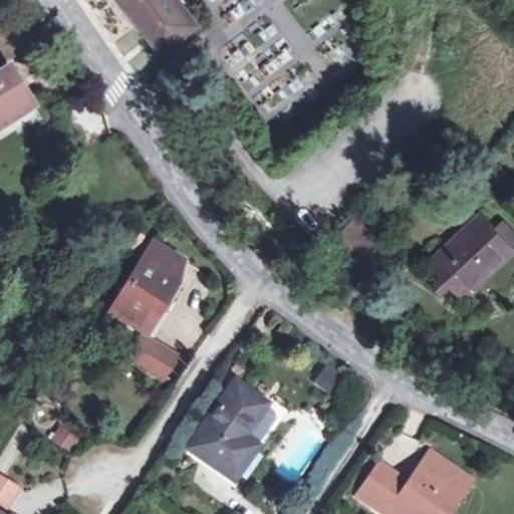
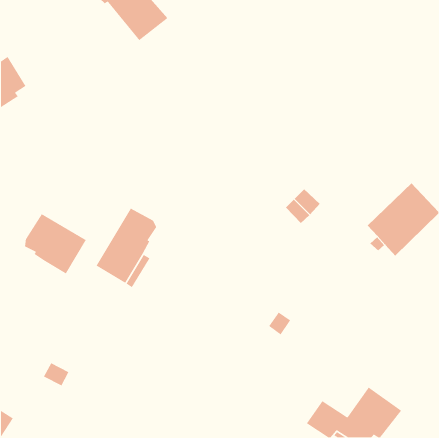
building: none -> [24,213,87,274]
building: [130,336,177,379] -> none
building: [190,380,274,477] -> none

